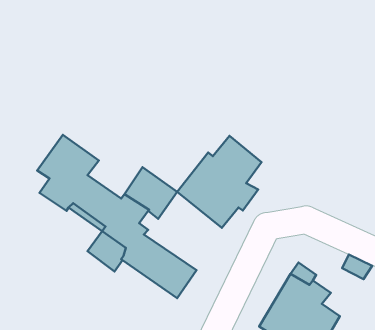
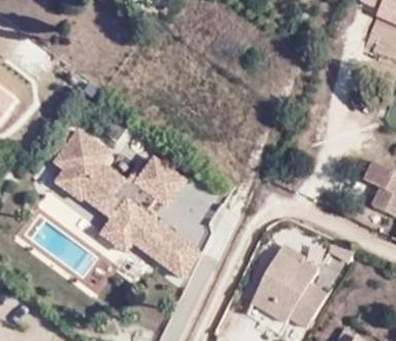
building: [177,136,261,228] -> none

